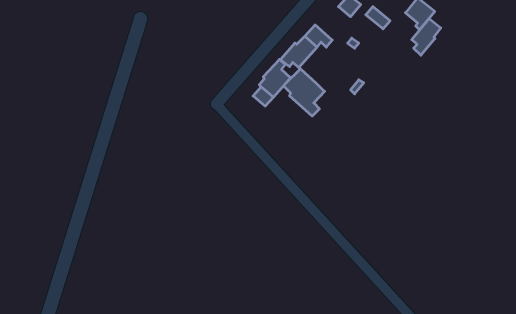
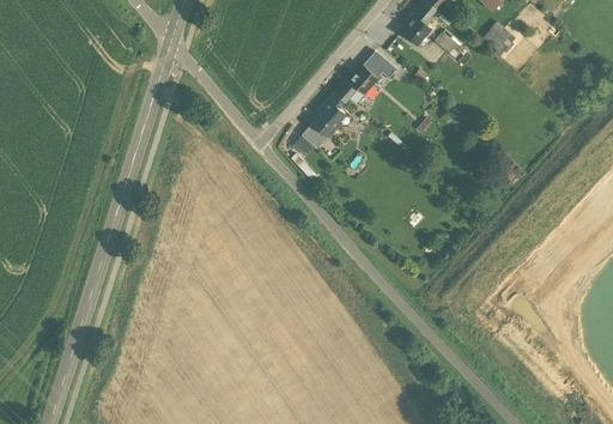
building: [412,18,441,55] -> none
building: [284,69,325,116] -> none

